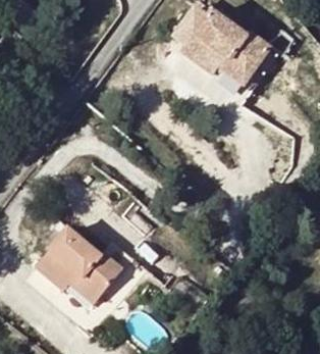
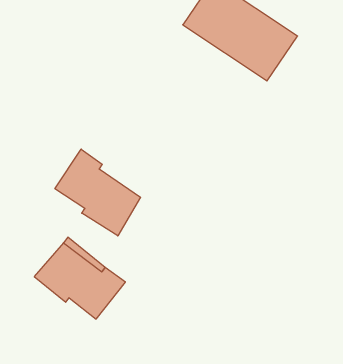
building: none -> [55,149,141,236]

